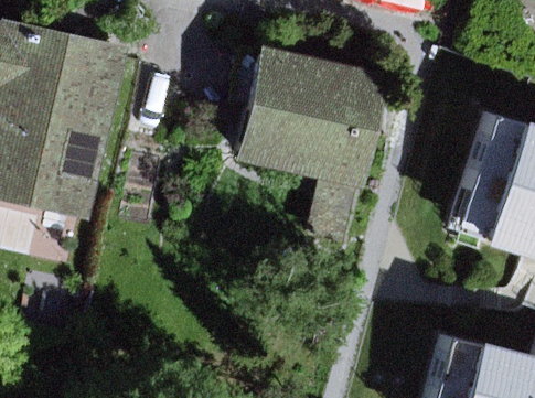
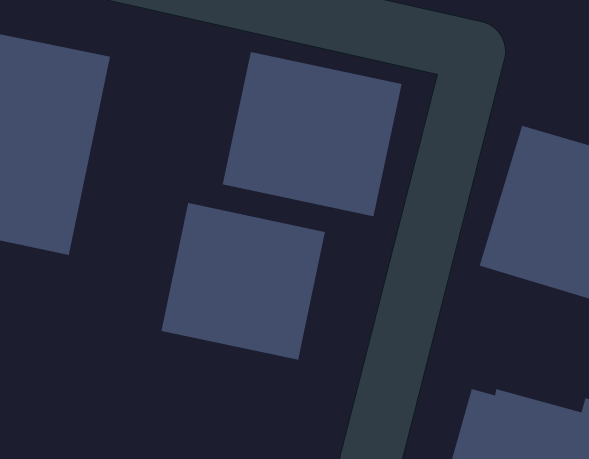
building: none -> [161,202,326,361]

